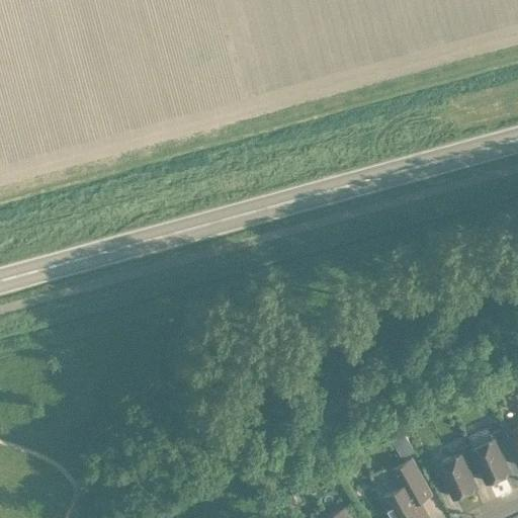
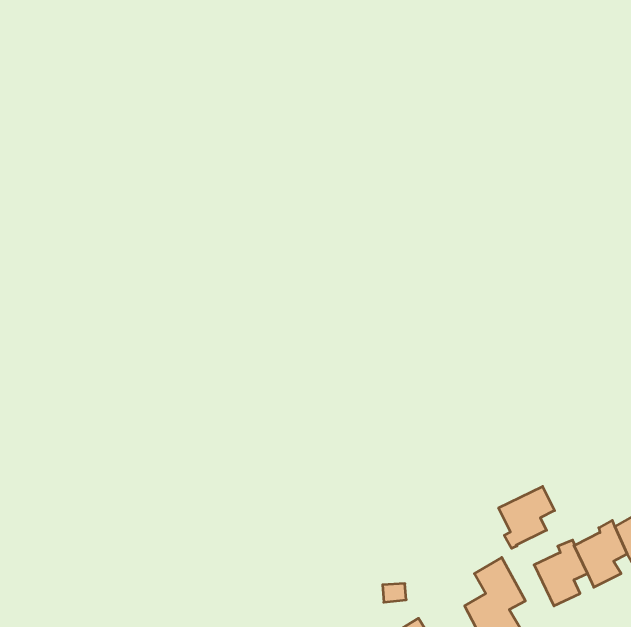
building: none -> [499,486,555,548]

